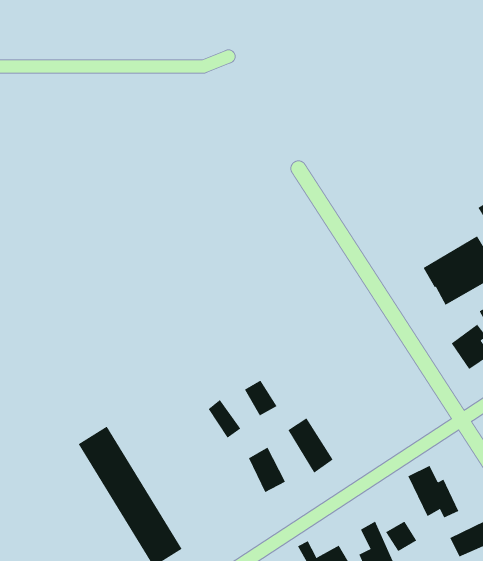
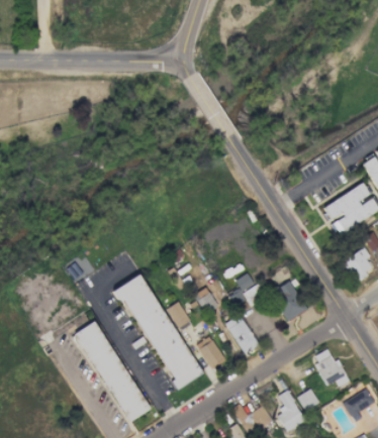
building: none -> [116,272,202,390]
building: none -> [228,272,265,305]
building: none -> [269,280,307,321]

